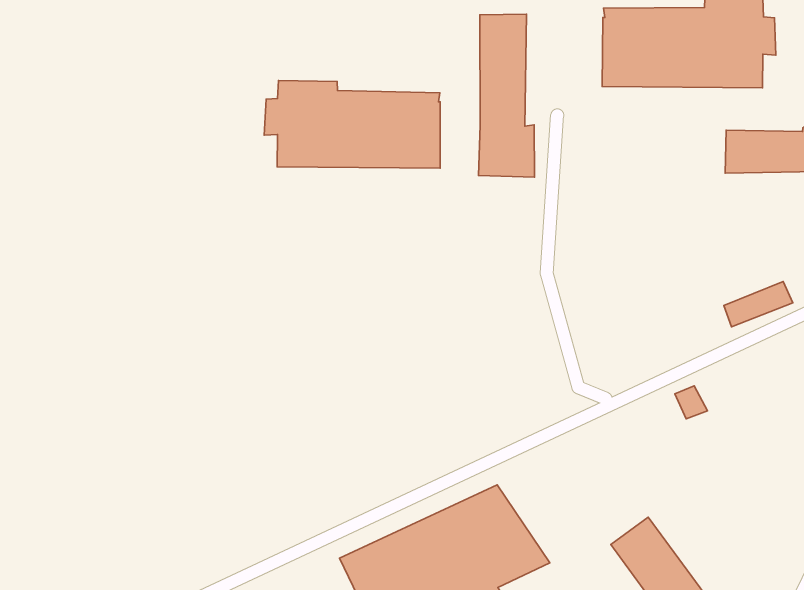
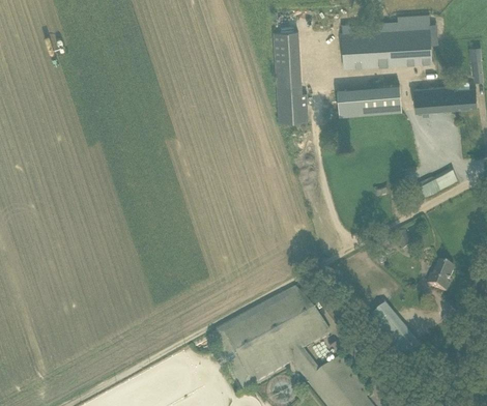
building: [264,81,440,168] -> none
building: none -> [336,85,400,116]
building: none -> [425,262,453,293]

